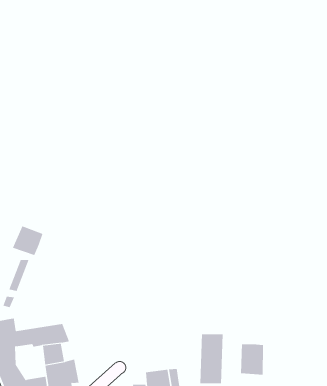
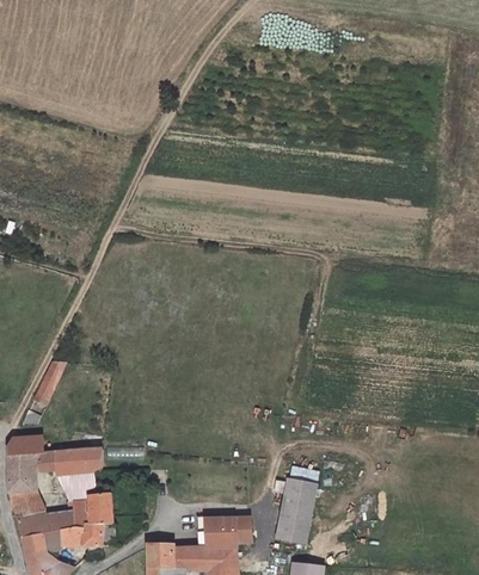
building: [12,225,43,256] -> none
building: [241,344,263,376] -> none

